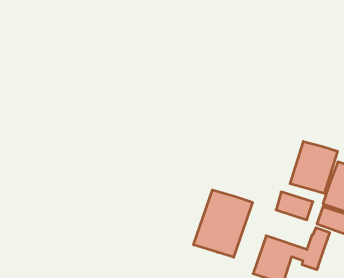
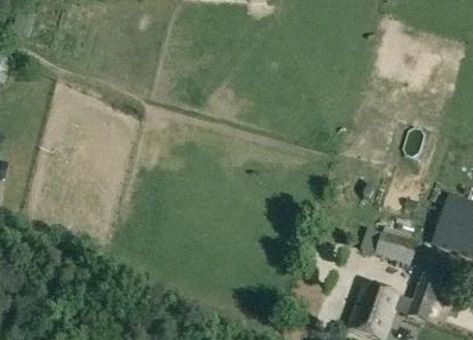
building: [290,141,337,193] -> none
building: [194,190,252,257] -> none

